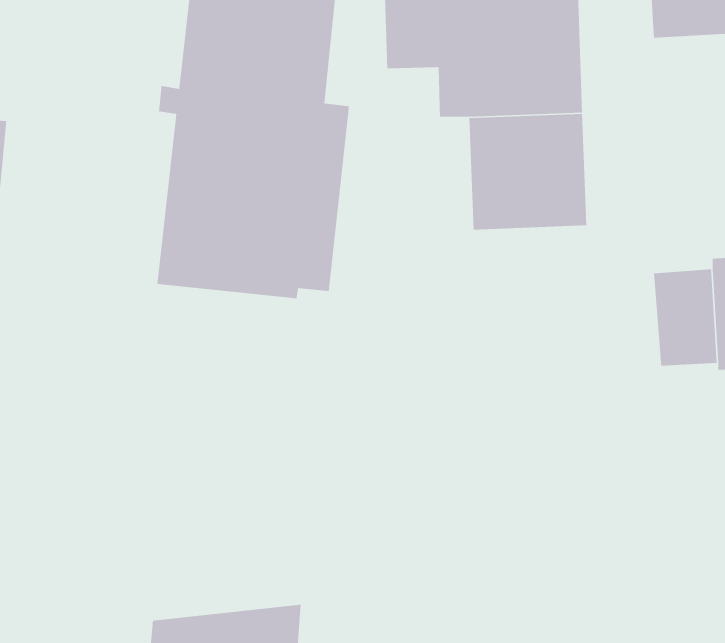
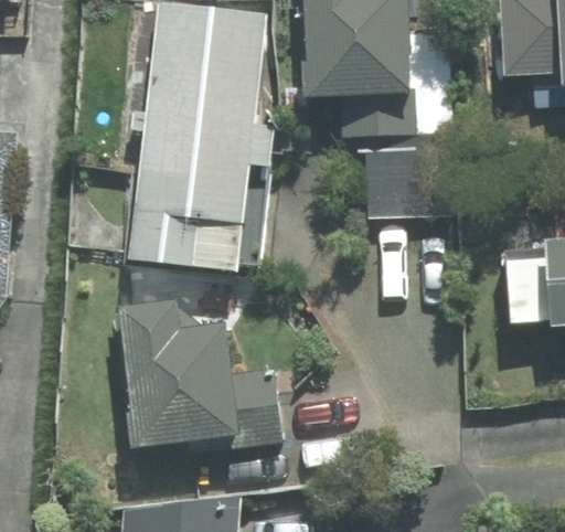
building: none -> [117,299,281,450]

